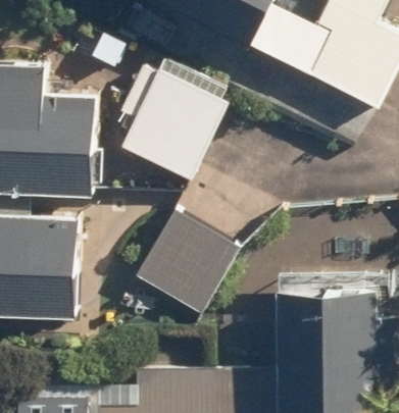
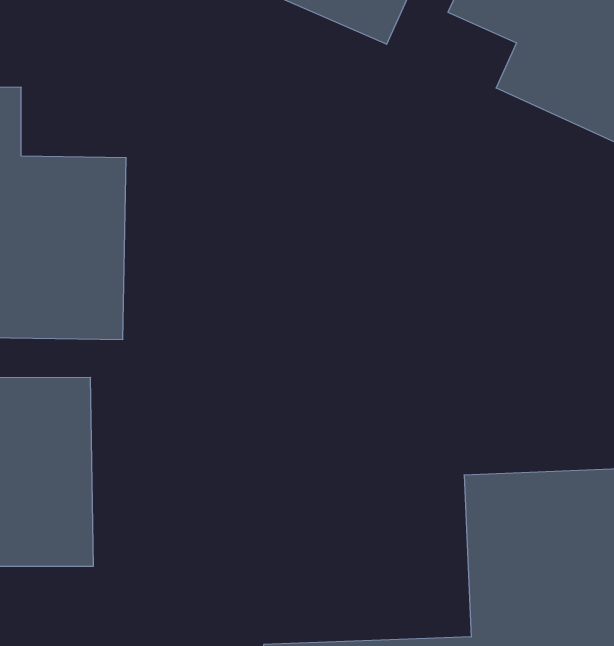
building: [117,65,222,184] -> none
building: [130,204,234,311] -> none

